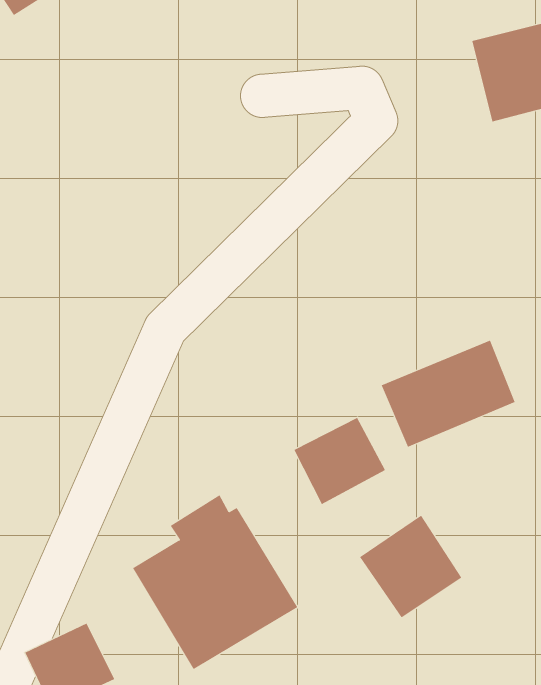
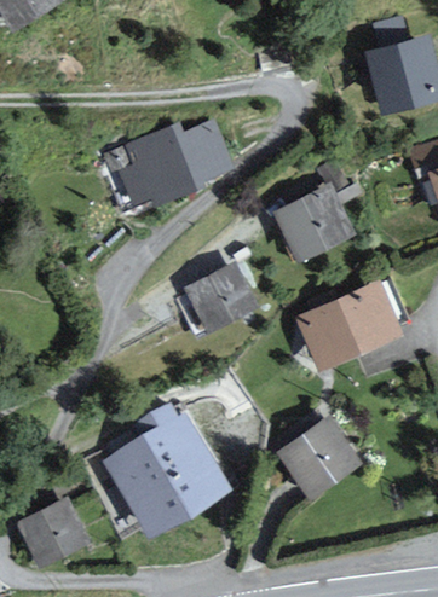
building: none -> [104,118,235,214]
building: none -> [275,185,356,261]
building: [293,417,386,505] -> [186,265,258,332]

